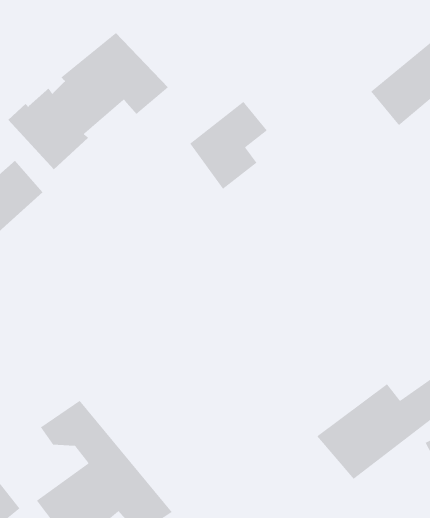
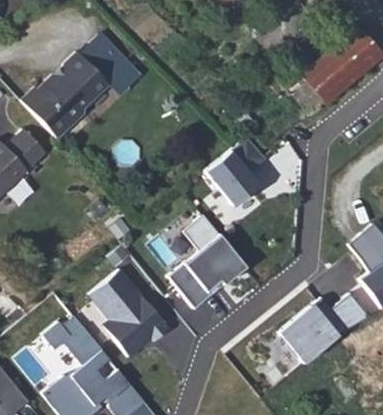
building: [189,101,268,190] -> [206,136,267,205]
building: none -> [171,213,249,307]
building: none -> [89,268,169,358]

